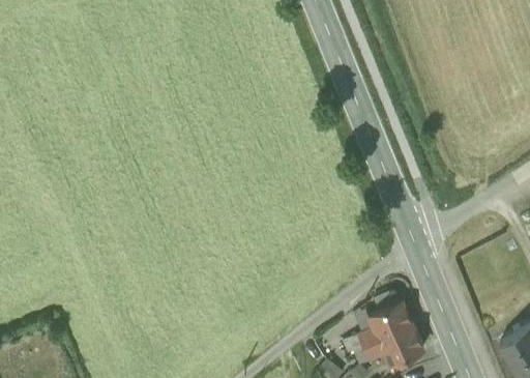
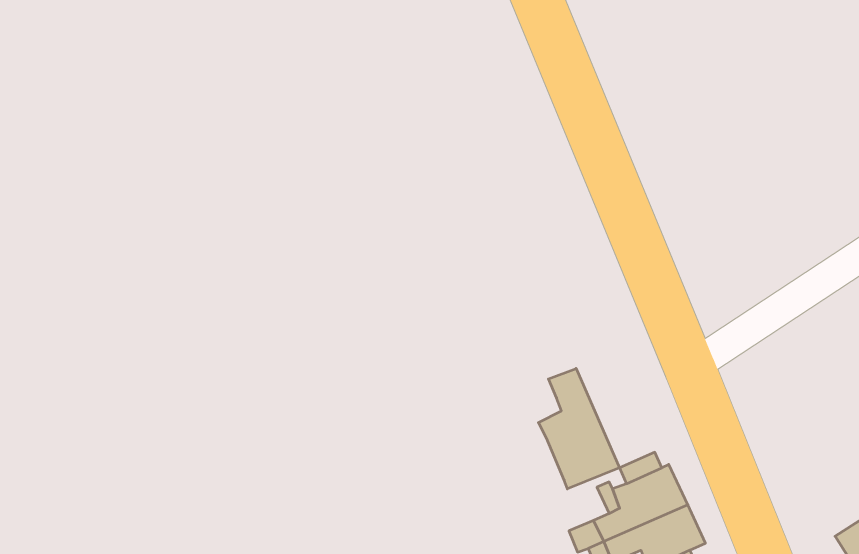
building: none -> [538,368,620,489]

